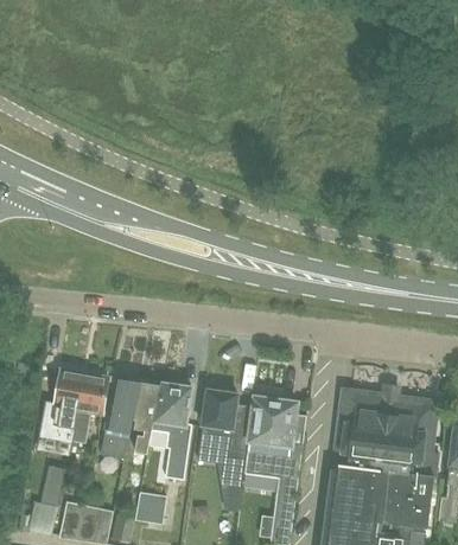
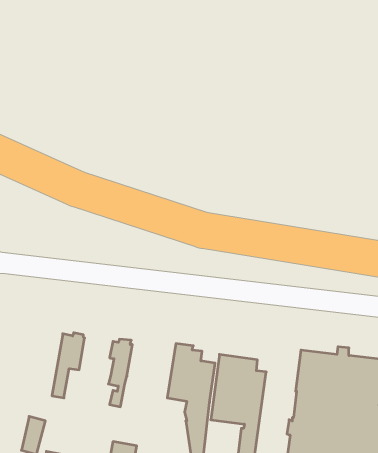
building: [49,367,84,442] -> none
building: [102,379,140,456] -> none
building: [152,379,190,480] -> none

